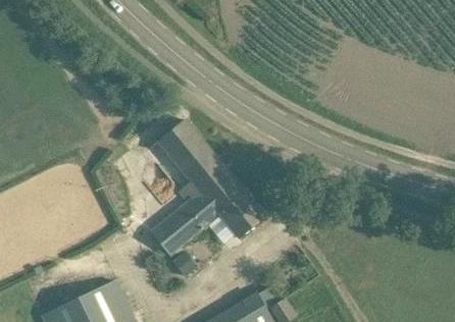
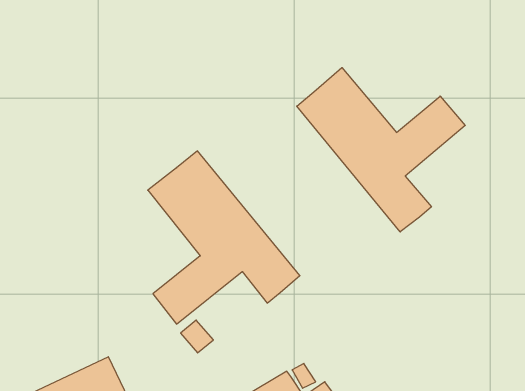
building: none -> [297,68,465,232]

